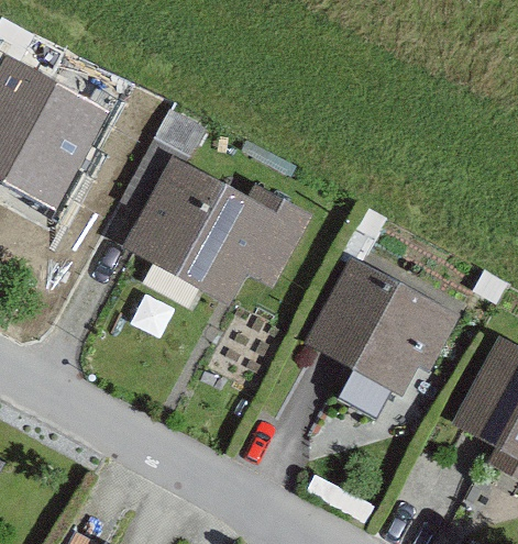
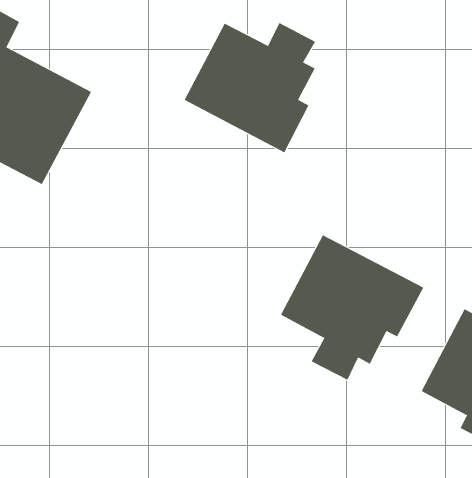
building: none -> [184,22,316,153]
building: [126,157,313,303] -> none

